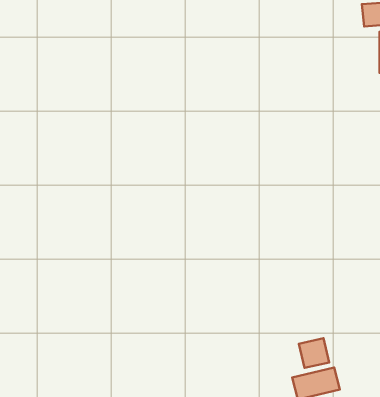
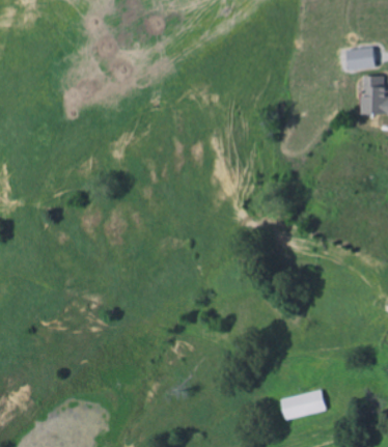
building: [299,338,329,368] -> none

